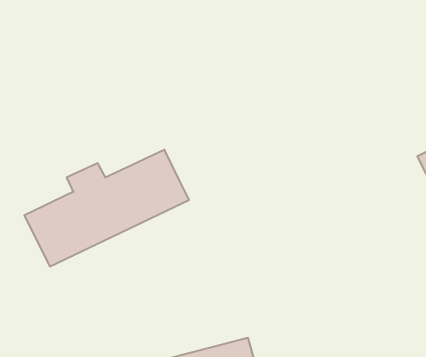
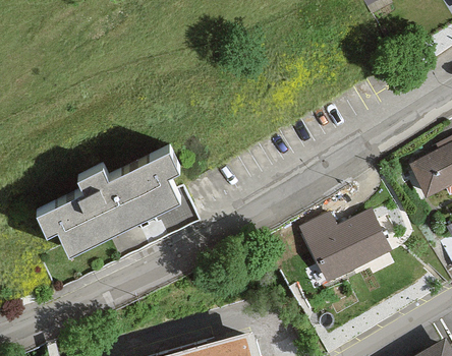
building: none -> [296,207,388,279]

